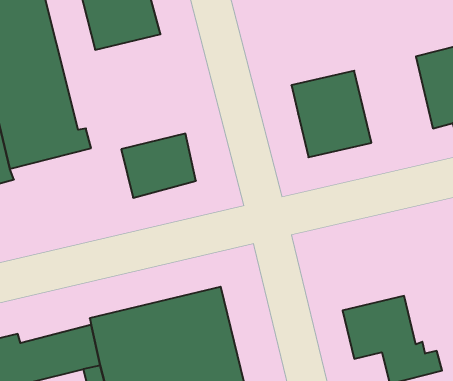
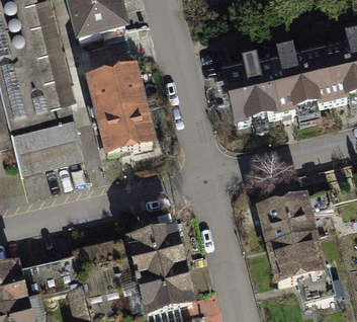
building: none -> [276,41,337,118]
building: none -> [86,65,146,117]
building: none -> [10,116,83,172]
building: none -> [258,193,315,242]

